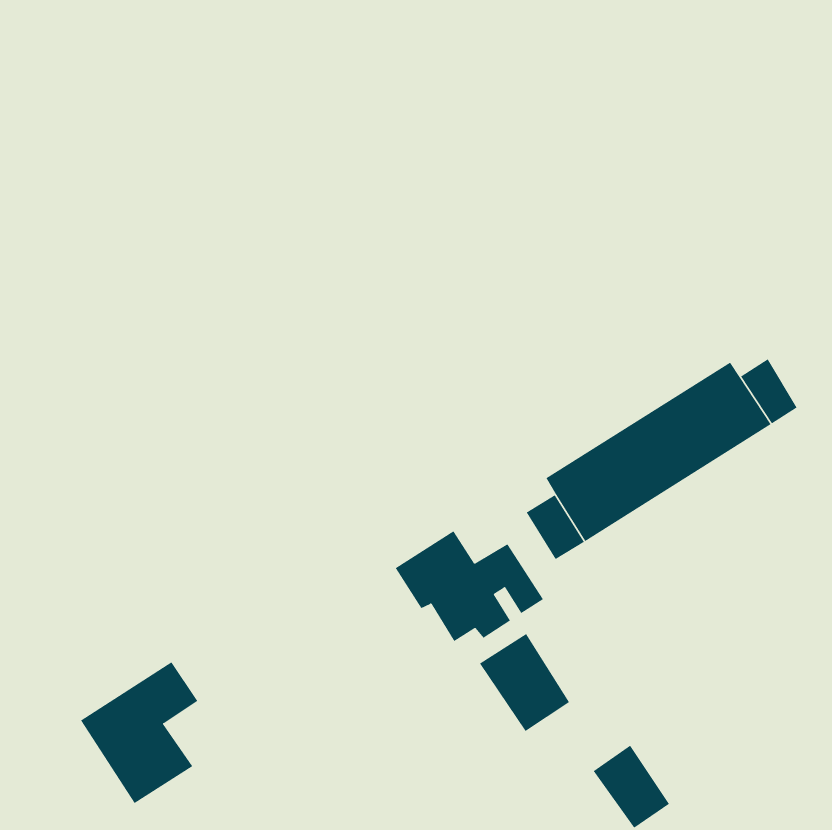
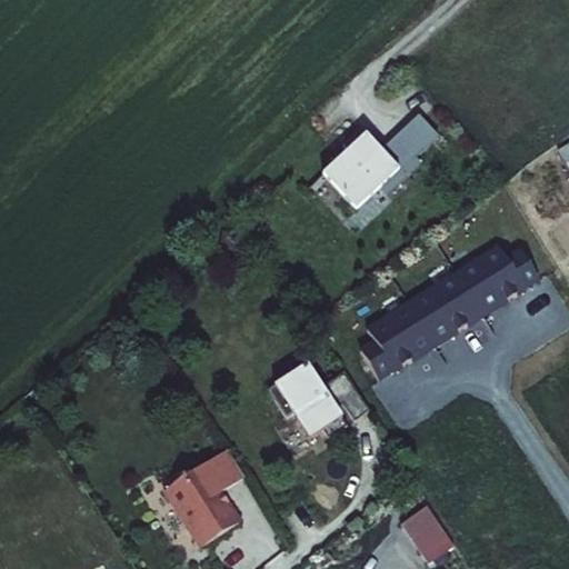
building: none -> [322,112,436,208]
building: [479,633,570,732] -> none
building: [80,662,198,804] -> [166,450,246,547]

